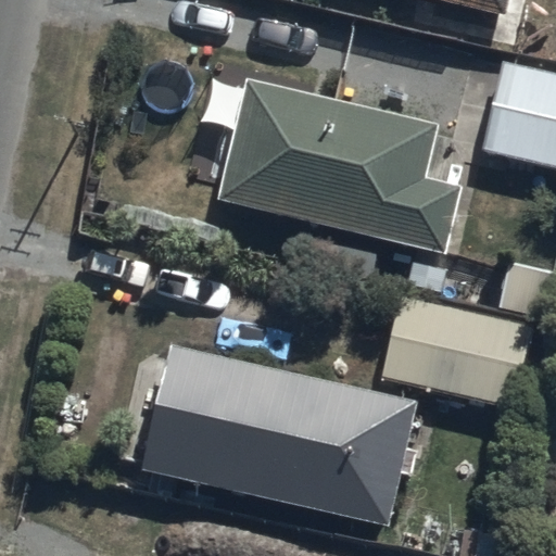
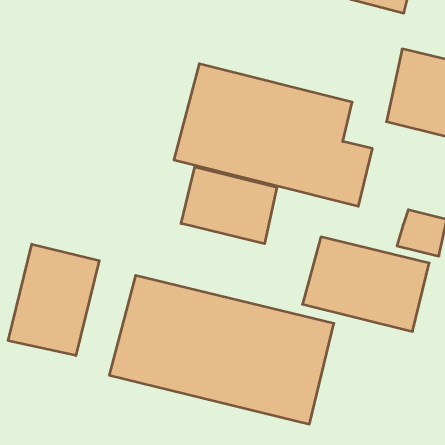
building: none -> [181,167,277,244]
building: none -> [8,244,99,356]

